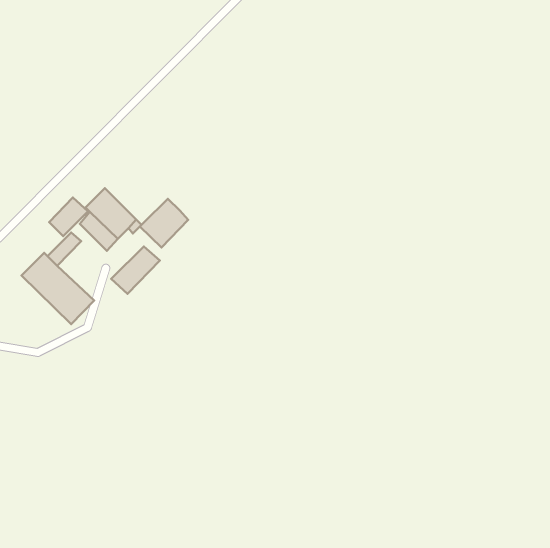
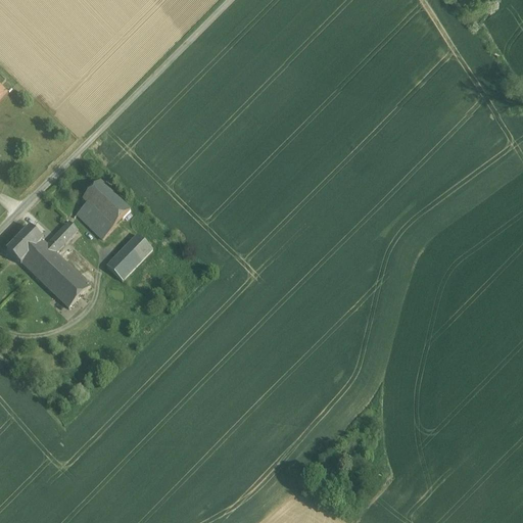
building: [49,197,88,236] -> [6,225,43,262]
building: [140,199,188,247] -> none

